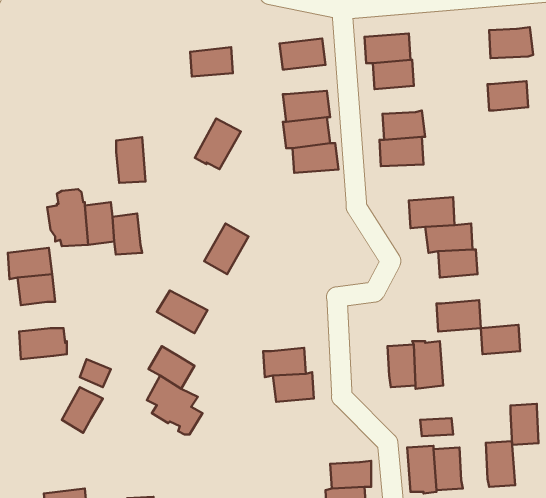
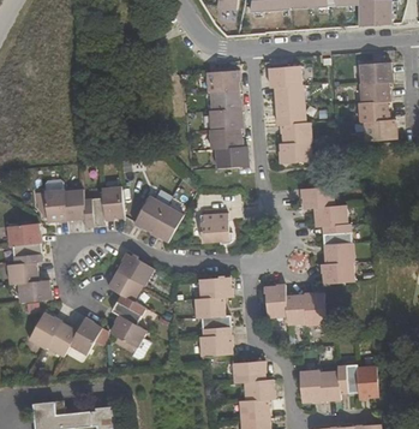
building: [190,47,233,76] -> [210,88,241,109]
building: none -> [360,82,390,102]
building: none -> [276,103,306,125]
building: none -> [364,119,396,141]
building: [195,118,241,169] -> [133,195,167,232]
building: [116,137,145,183] -> [102,186,124,220]
building: none -> [199,211,233,244]
building: none -> [8,262,38,285]
building: none -> [107,269,142,302]
building: none -> [198,275,234,298]
building: [481,325,520,354] -> [324,242,353,263]
building: none -> [265,284,287,317]
building: none -> [28,314,60,352]
building: none -> [68,318,101,357]
building: none -> [199,333,233,356]
building: [511,404,538,445] -> [339,363,359,393]
building: none -> [233,359,265,381]

